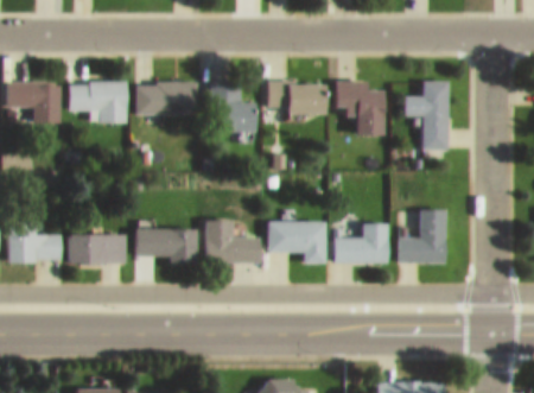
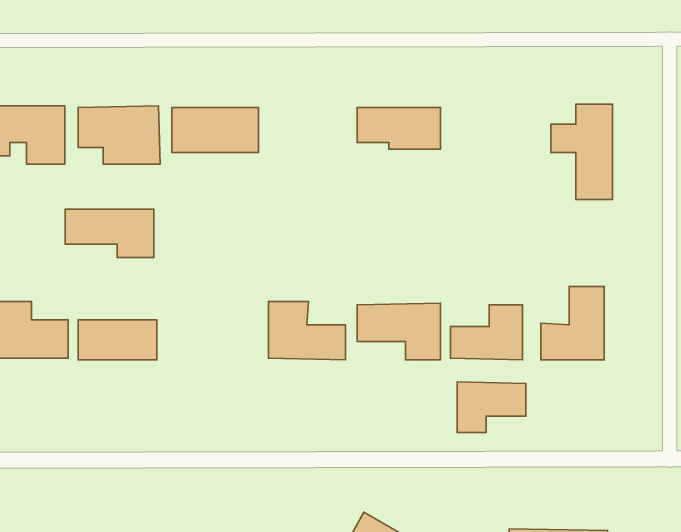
building: [337,81,386,134] -> none
building: [209,82,258,132] -> none
building: [134,229,197,264] -> [65,209,154,258]
building: none -> [457,382,526,432]

